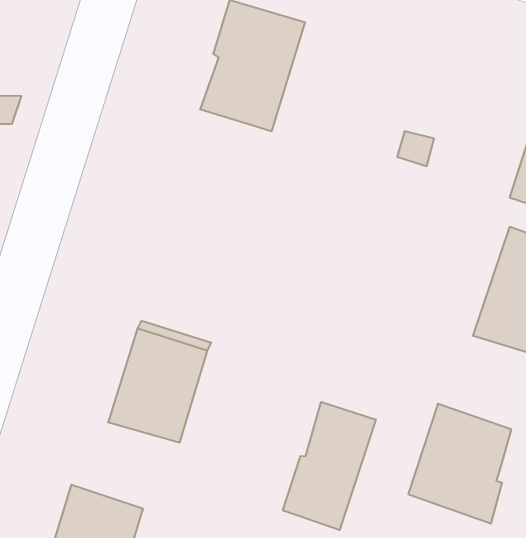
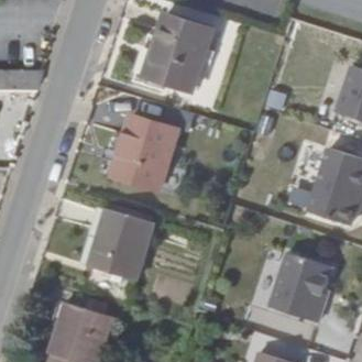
building: none -> [119,116,178,191]
building: [283,402,376,530] -> none

